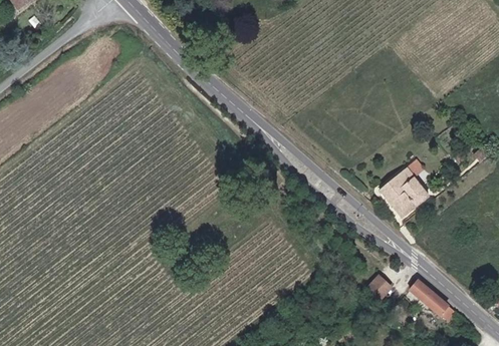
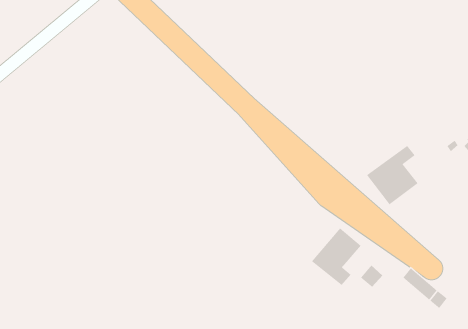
building: none -> [311,227,361,286]

